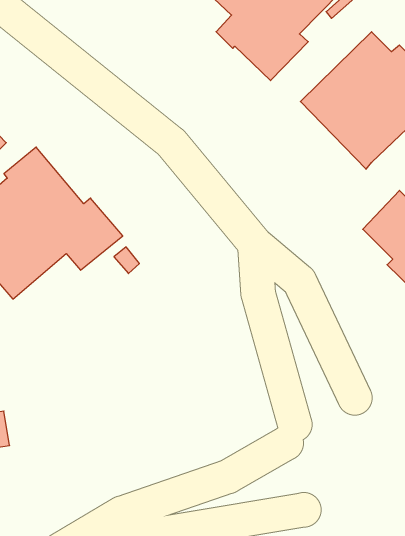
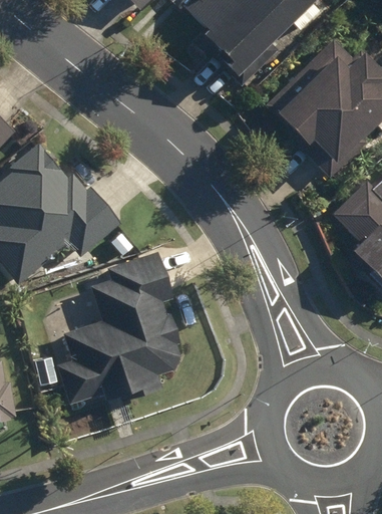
building: none -> [59,252,176,401]

